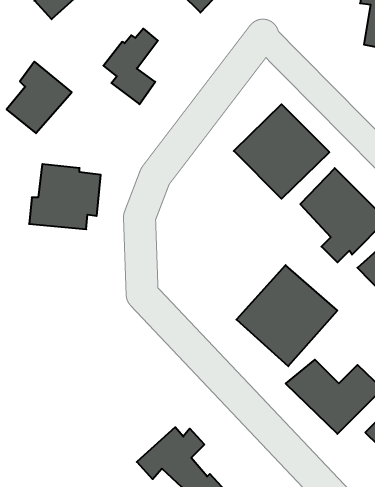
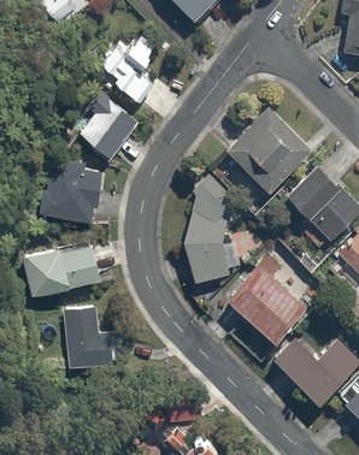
building: [7,62,72,133] -> [80,93,139,158]
building: none -> [182,172,240,283]
building: none -> [20,244,106,297]
building: none -> [64,307,114,367]

